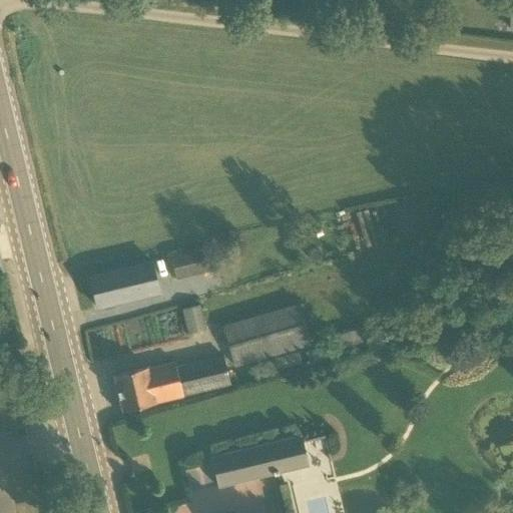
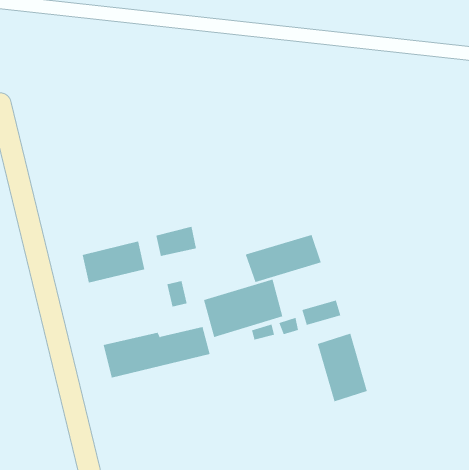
building: none -> [245,234,322,283]
building: none -> [317,333,367,402]
building: [210,435,308,488] -> none

